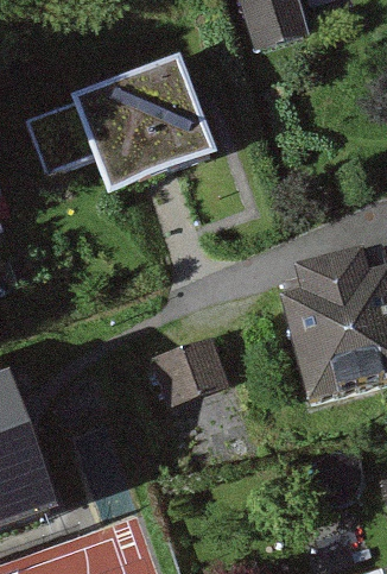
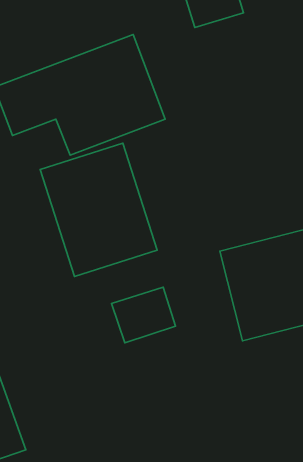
building: none -> [40,143,157,277]

